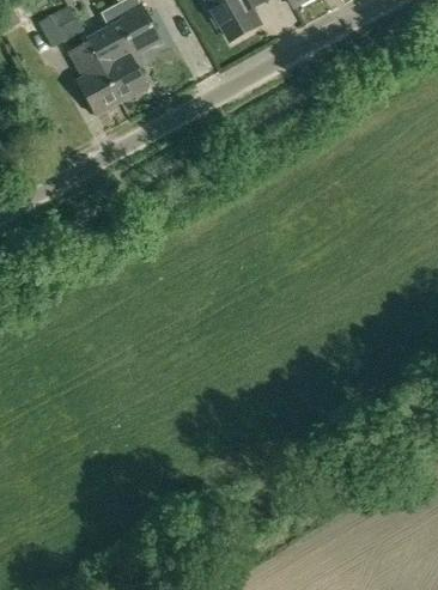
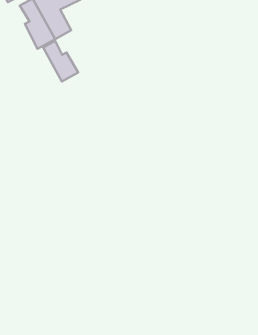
building: none -> [42,41,78,82]

